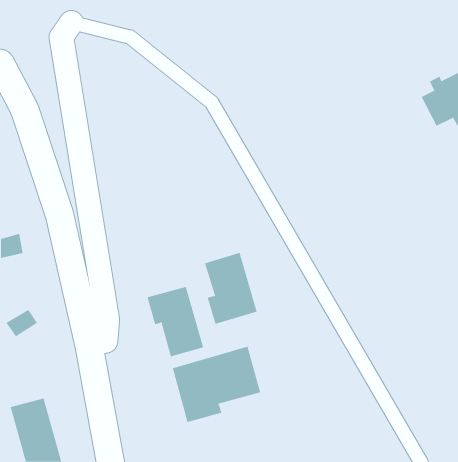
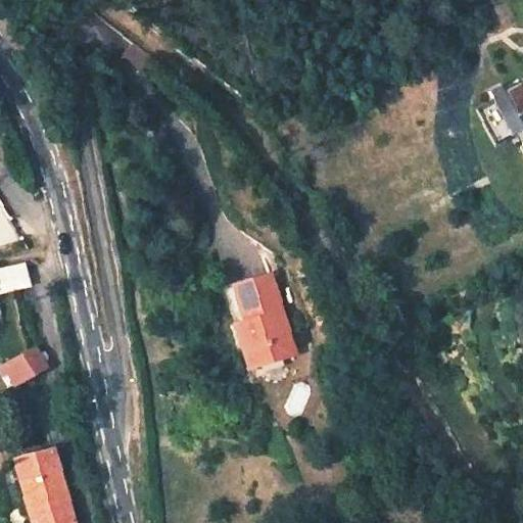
building: [147,286,204,357] -> none
building: [172,346,261,423] -> none

